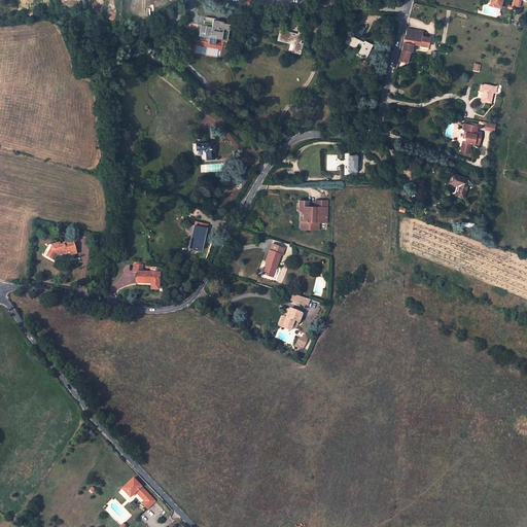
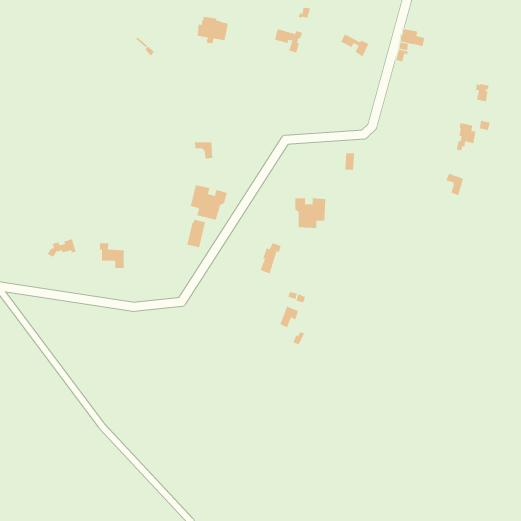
building: none -> [190,184,228,221]
building: [133,265,159,290] -> [99,243,125,268]
building: [120,478,154,508] -> none

